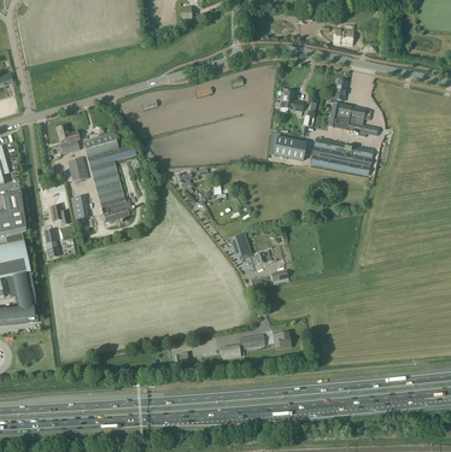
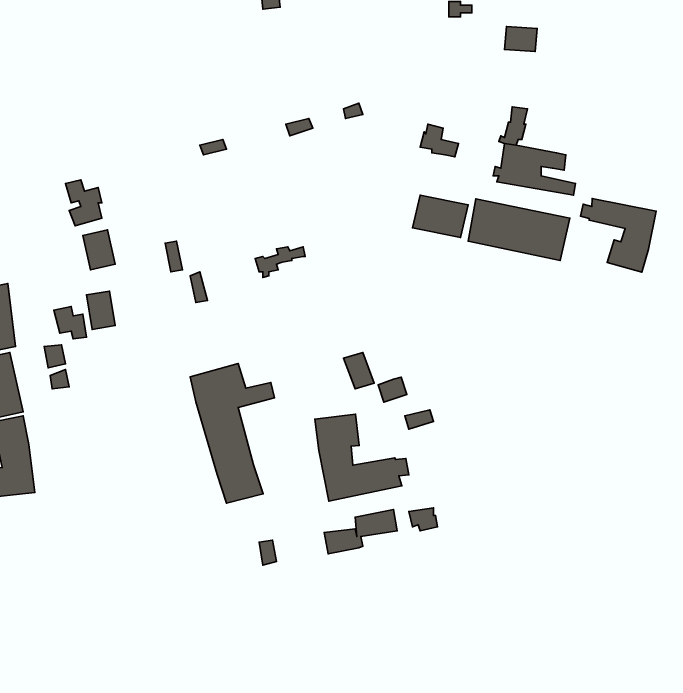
building: [83,133,136,221] -> [190,363,275,503]
building: none -> [581,199,656,272]
building: none -> [315,414,409,501]

